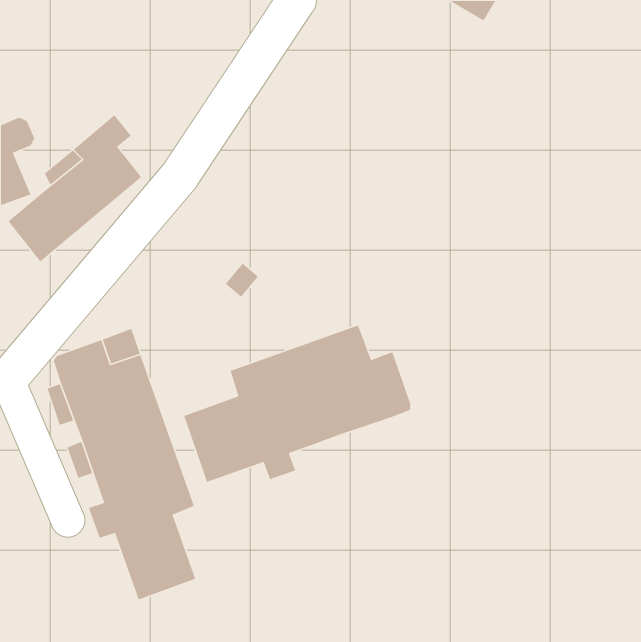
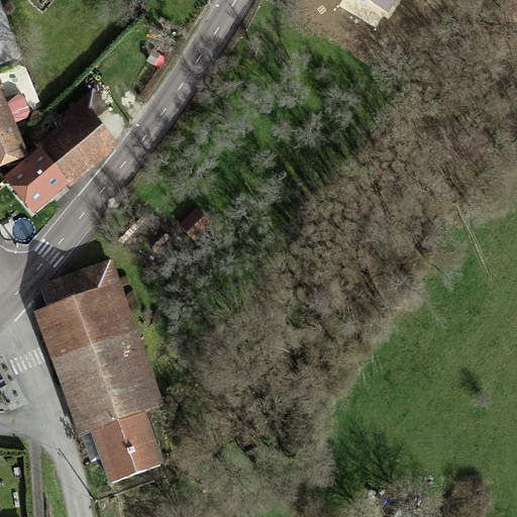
building: [183,325,411,483] -> none

